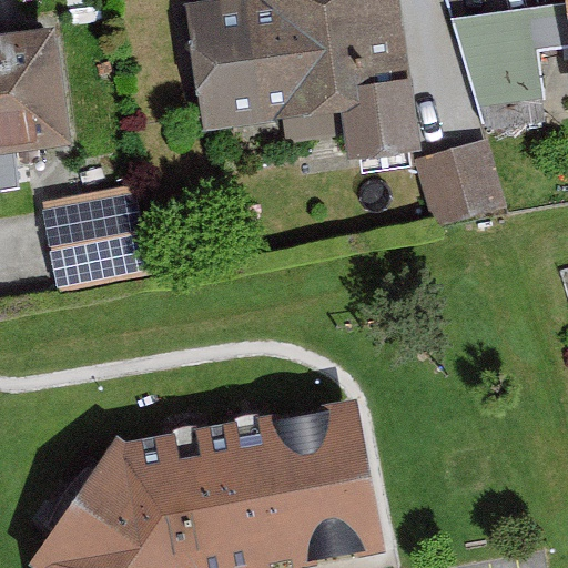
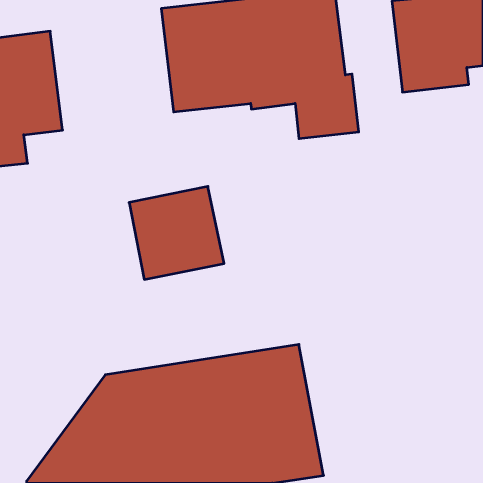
building: [409,142,496,225] -> none
building: [38,185,149,294] -> [129,186,224,279]

